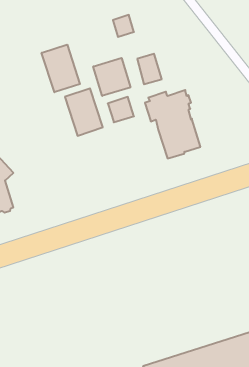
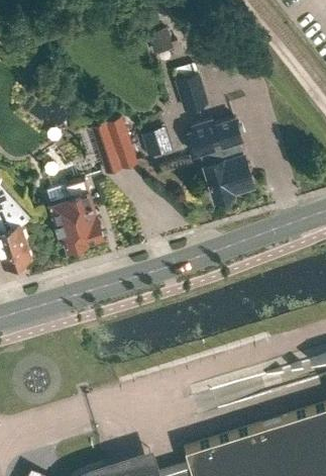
building: [42,45,80,92] -> none
building: [93,58,130,96] -> none
building: none -> [46,181,103,254]

